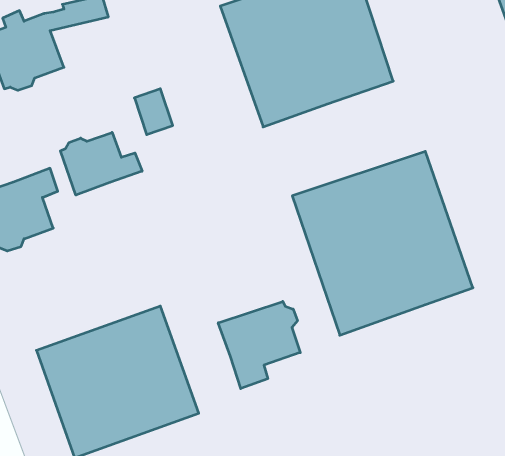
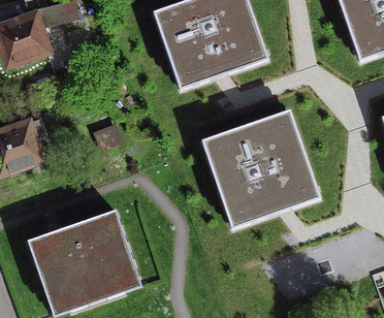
building: [60,132,142,195] -> none
building: [218,301,300,389] -> none

